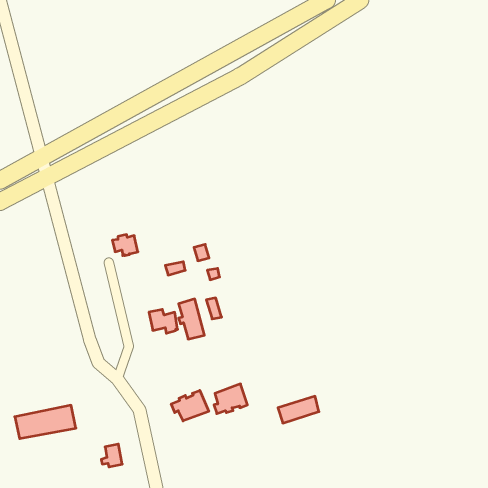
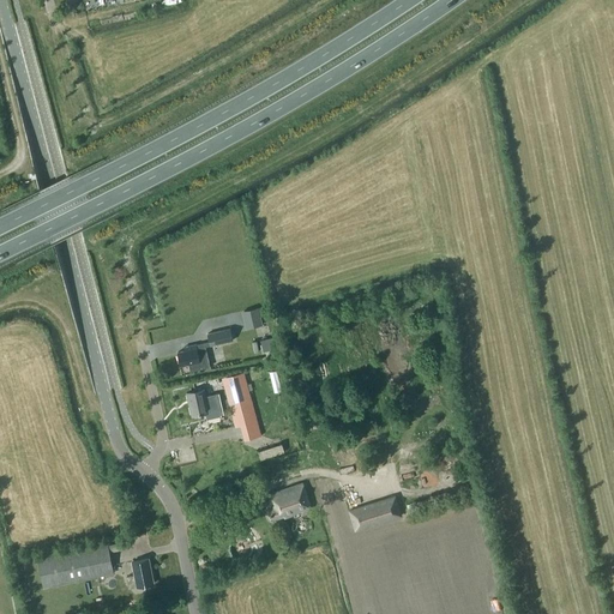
building: [112,235,138,256] -> [177,344,210,371]
building: [171,390,209,421] -> none
building: [15,405,76,439] -> [37,544,114,586]

